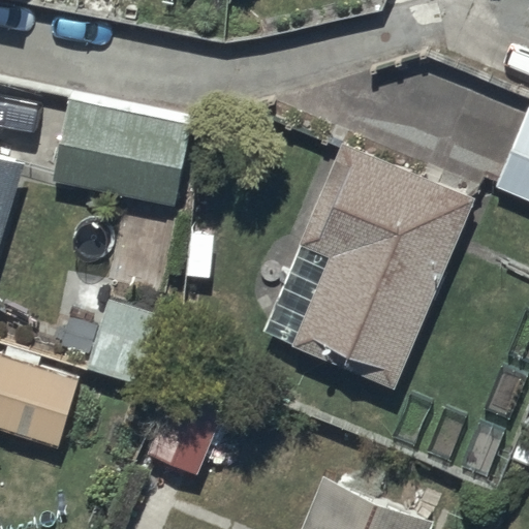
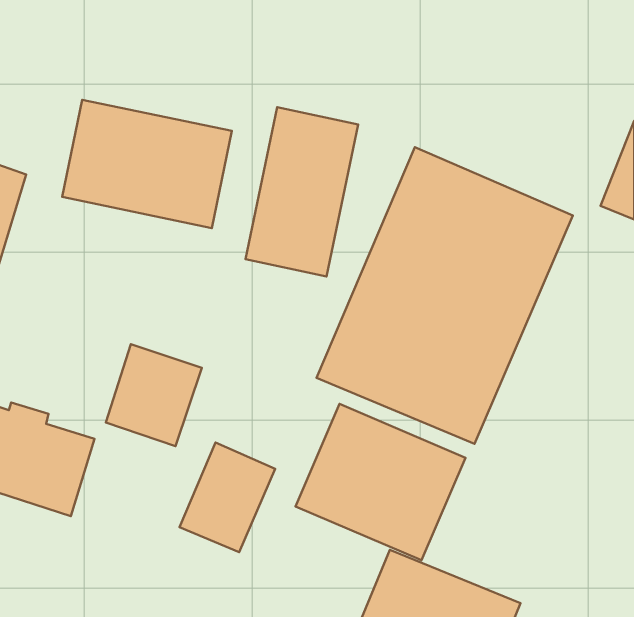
building: none -> [246,107,358,276]
building: none -> [295,404,466,560]

